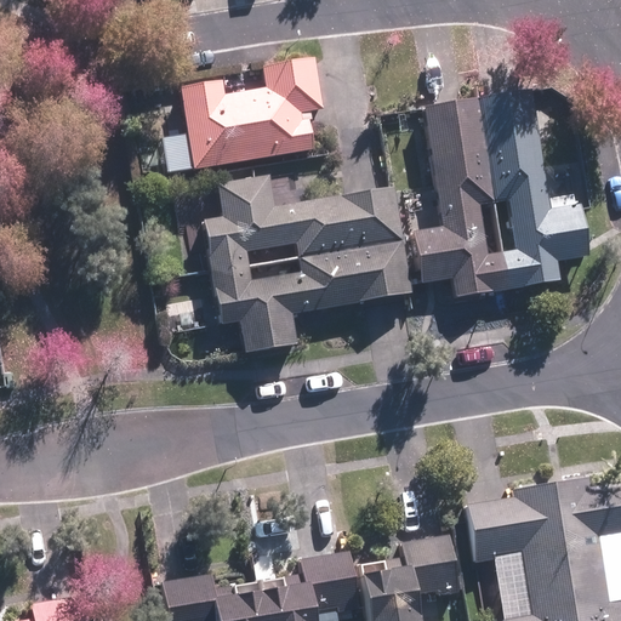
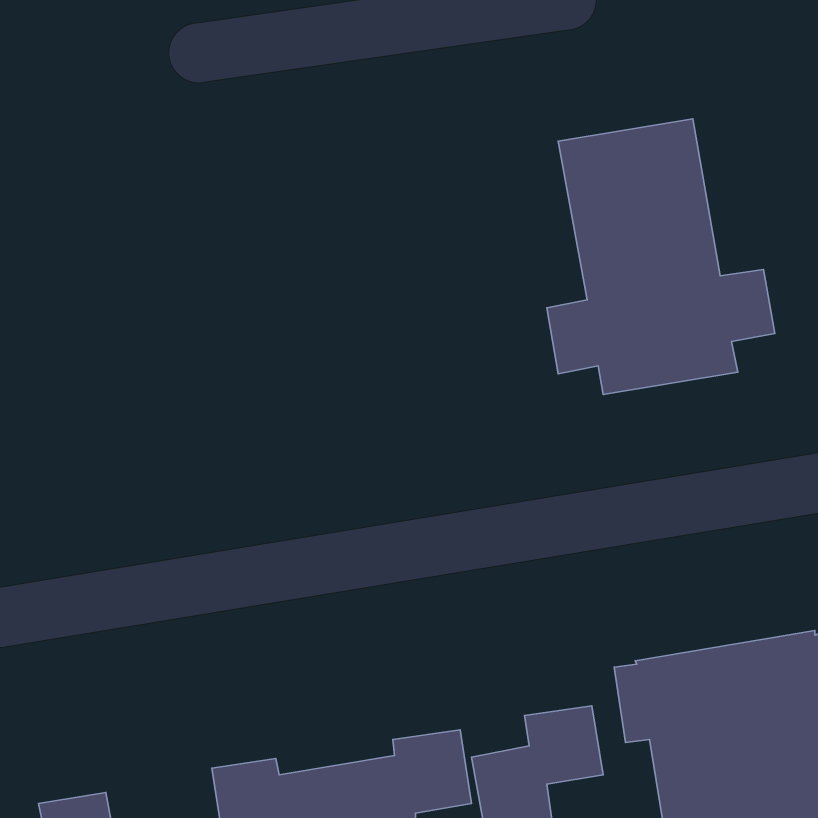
building: [187,67,325,164] -> none
building: [205,178,411,352] -> none

